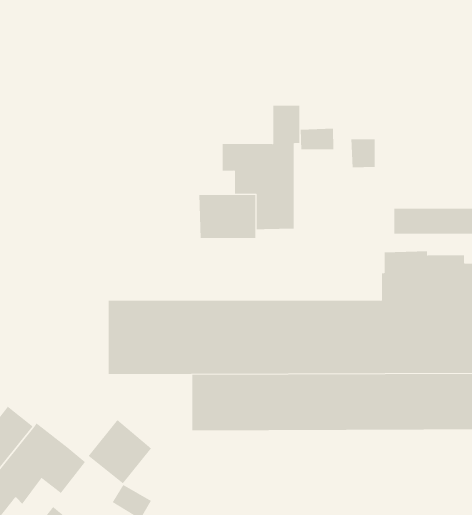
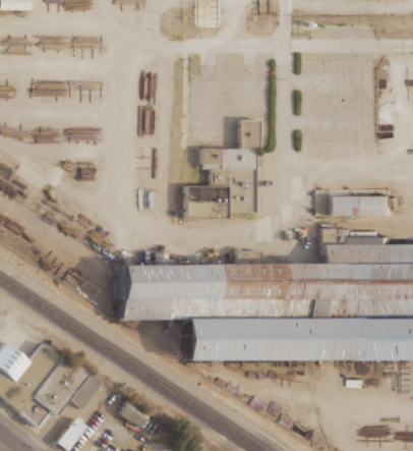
building: [300,128,334,150] -> none
building: [351,138,375,168] -> none
building: [88,419,152,484] -> none

